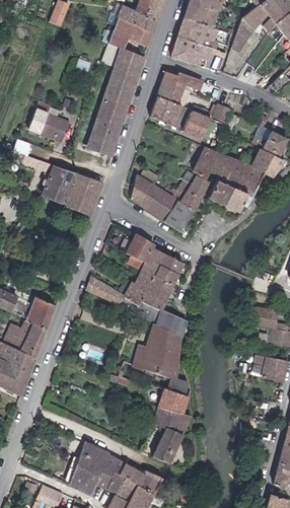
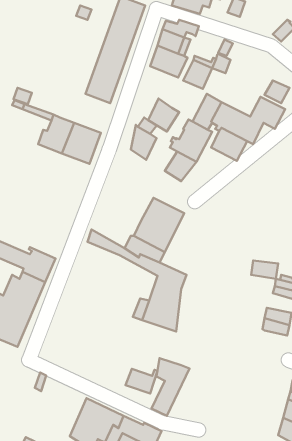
building: [29,101,71,142] -> none
building: [146,188,176,220] -> [148,99,179,132]
building: [126,236,153,269] -> none
building: [156,387,188,412] -> [126,369,157,393]

